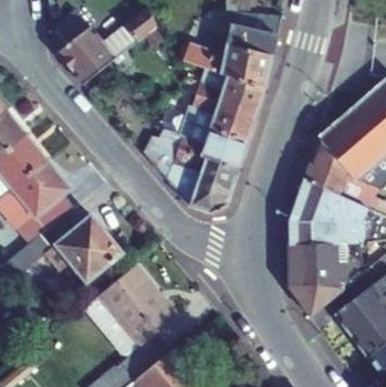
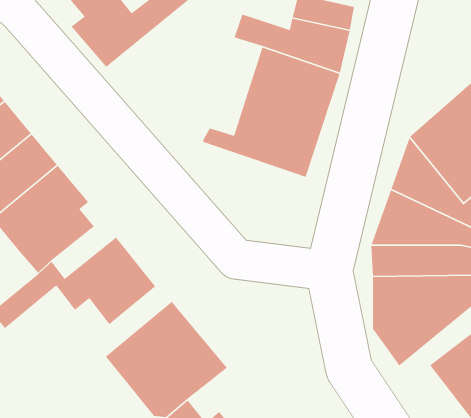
building: [144,136,238,213] -> none

